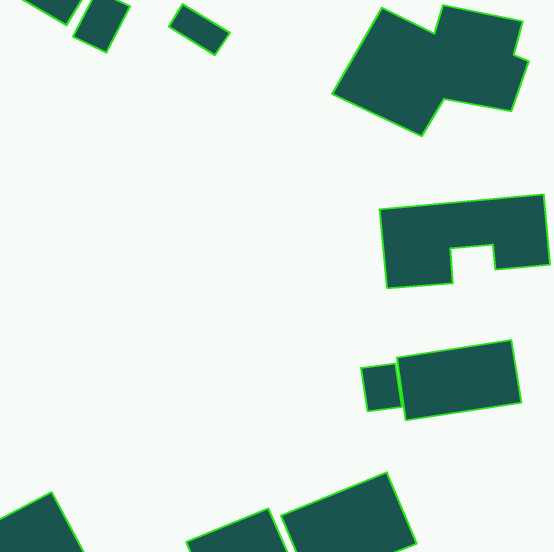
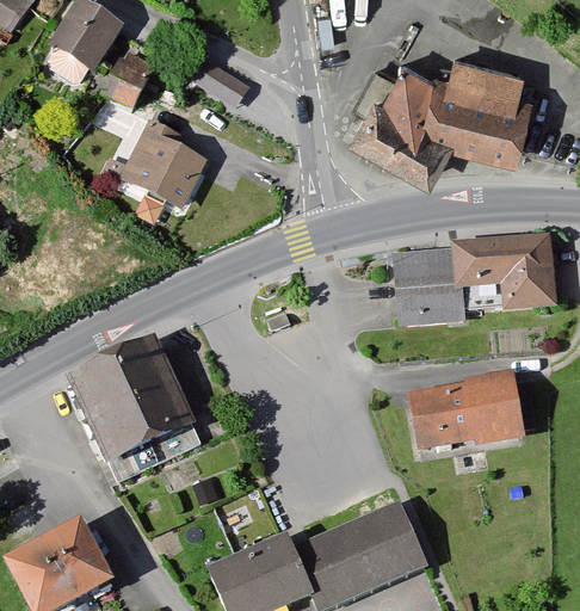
building: none -> [100,112,209,205]
building: none -> [68,338,195,463]
building: [361,363,402,411] -> none

